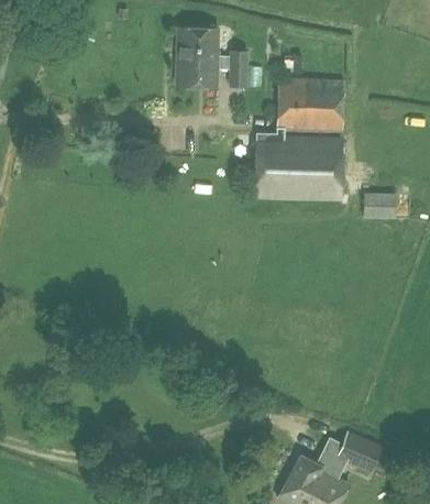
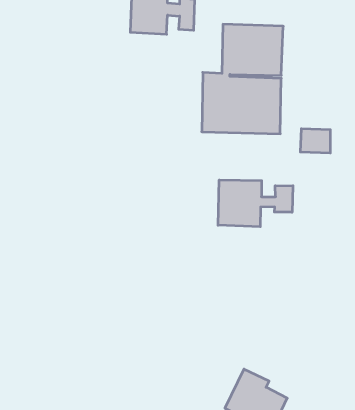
building: none -> [218,180,293,227]
building: [323,429,384,471] -> none

